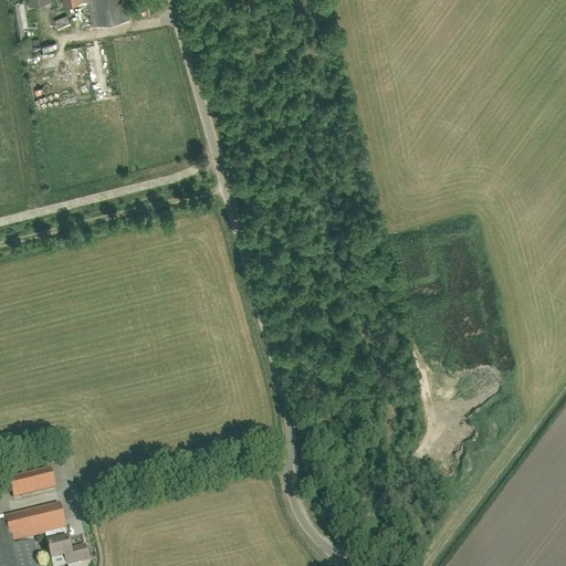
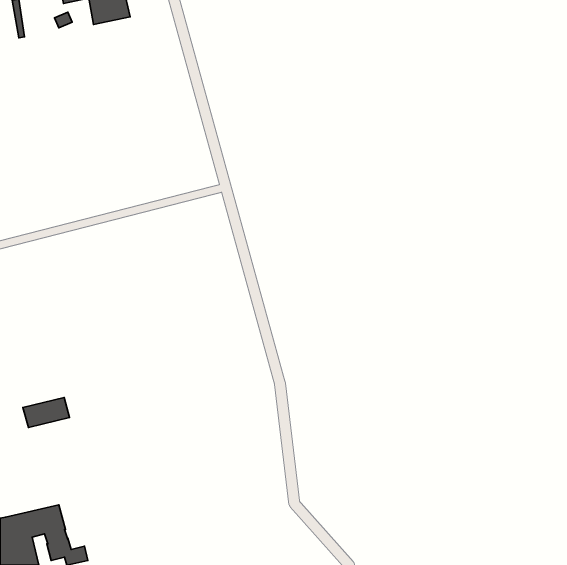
building: [10,465,56,495] -> [23,397,70,427]

